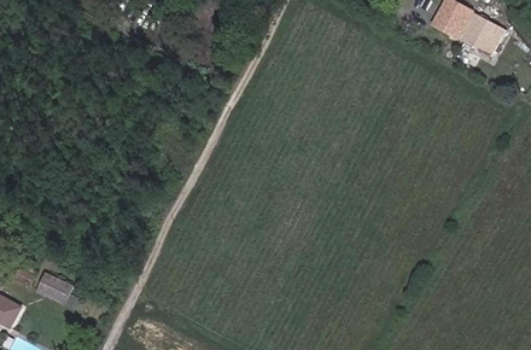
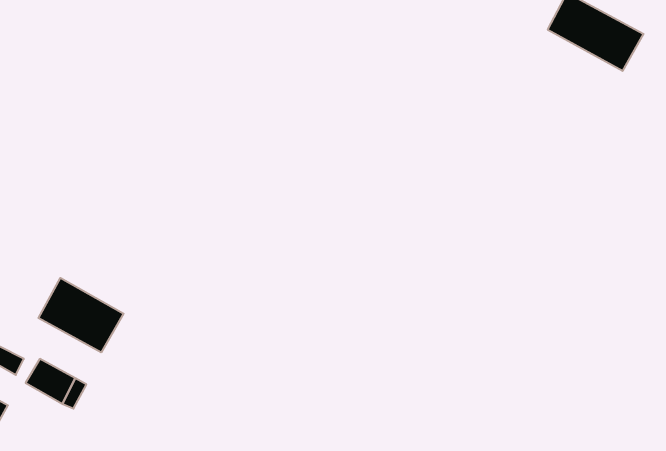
building: none -> [38,278,124,352]

